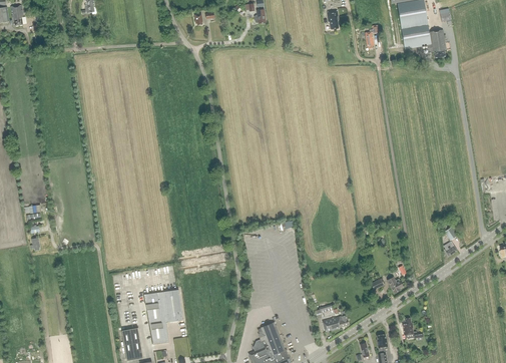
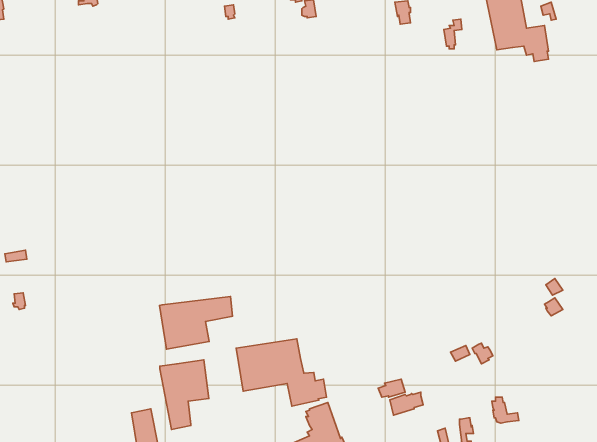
building: none -> [160,297,232,349]
building: none -> [236,339,326,406]

